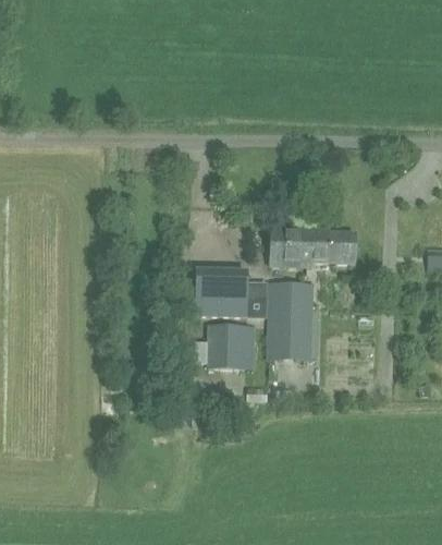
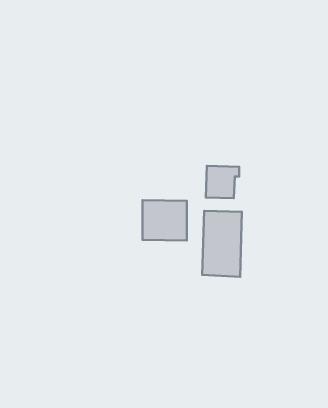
building: [305,228,355,266] -> none
building: [206,324,256,370] -> none

